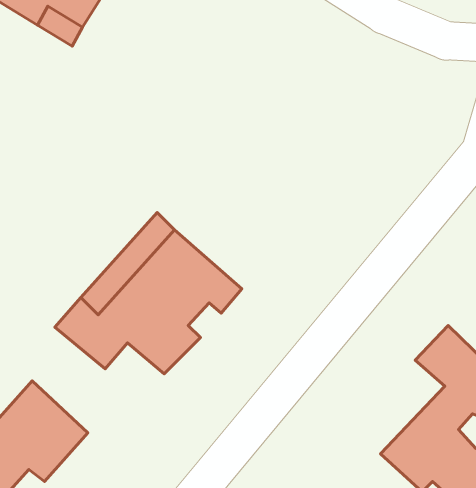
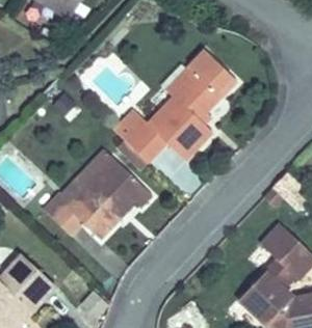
building: none -> [123,54,227,147]

